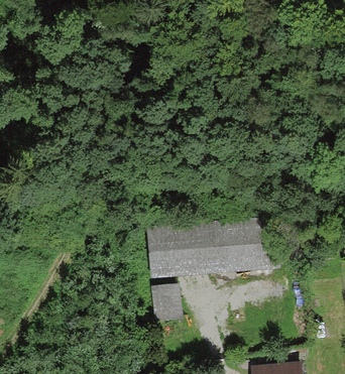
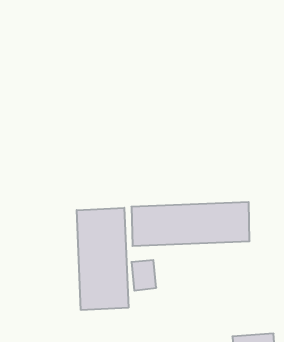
building: none -> [77,208,128,310]

